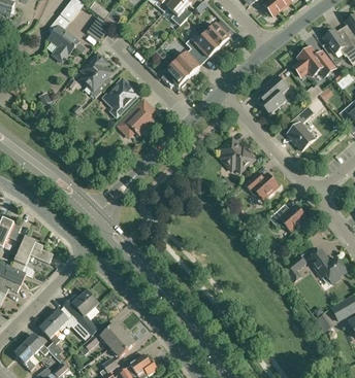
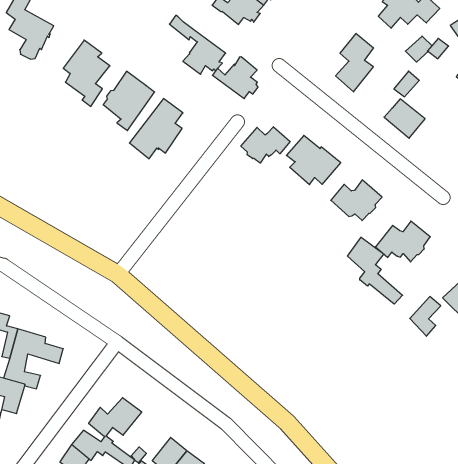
building: [171,47,201,75] -> [212,57,258,99]
building: none -> [241,127,290,163]
building: none -> [347,237,403,304]

